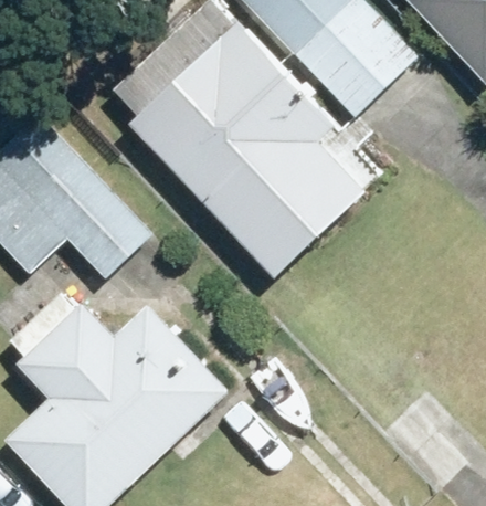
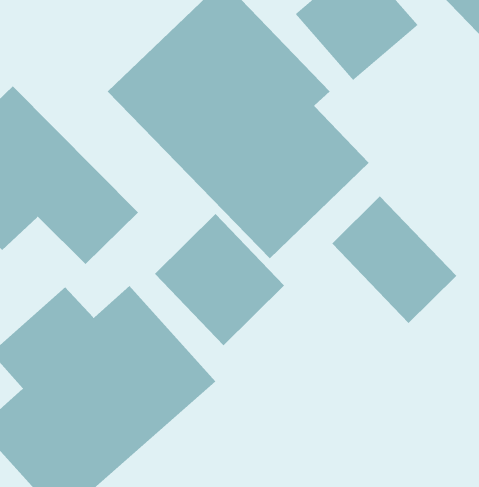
building: none -> [332,195,457,324]
building: none -> [154,213,285,346]

